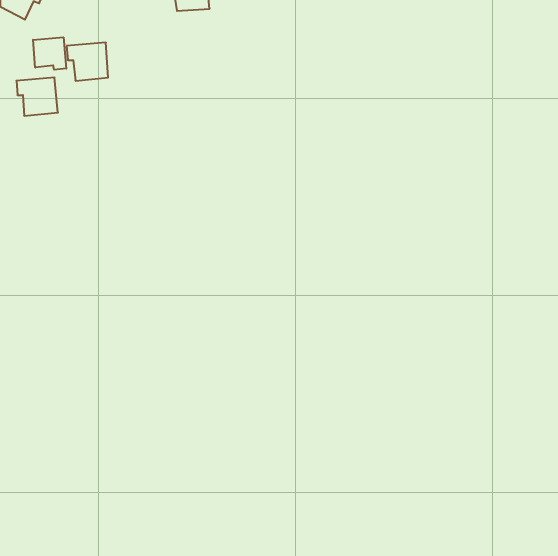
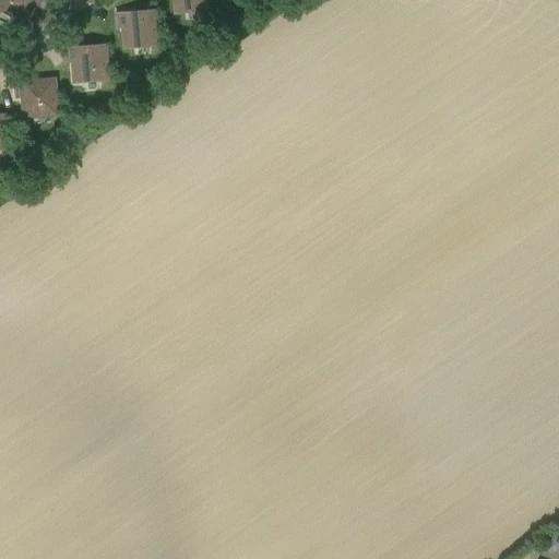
building: none -> [117,9,158,46]
building: [33,37,66,70] -> none

